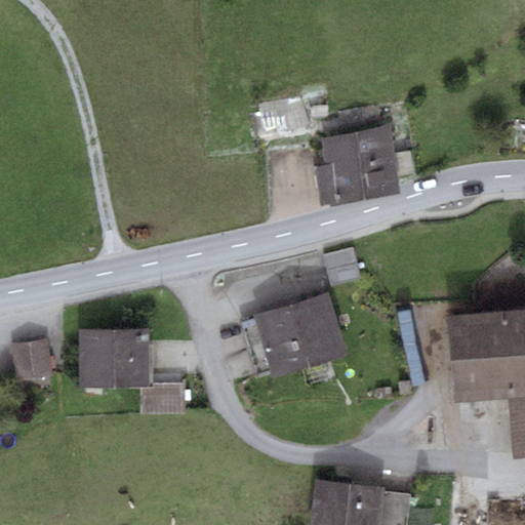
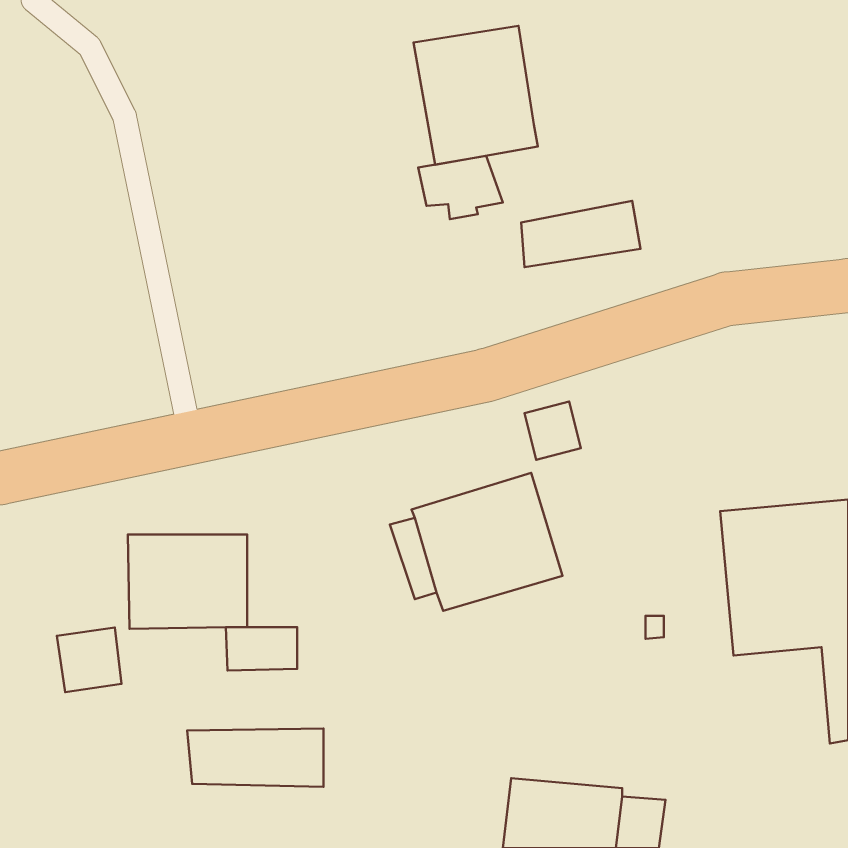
building: none -> [414,26,538,165]
building: [316,154,400,206] -> none
building: [9,342,49,382] -> [57,627,121,692]
building: none -> [187,728,323,787]

